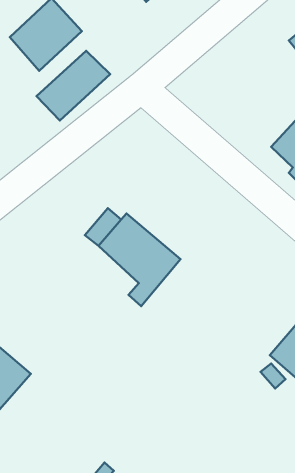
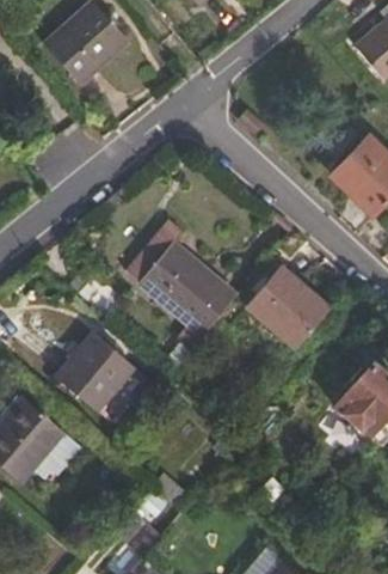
building: [37,51,110,121] -> none
building: none -> [250,270,332,352]
building: none -> [56,337,134,415]

